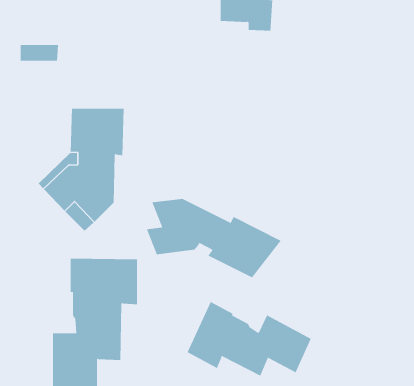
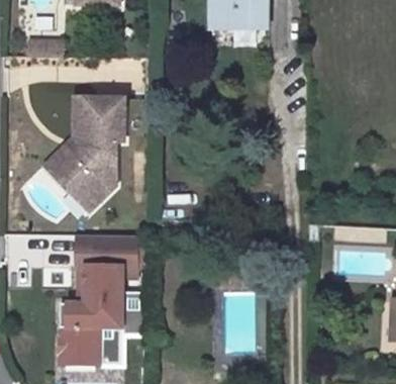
building: [146,198,282,278] -> none
building: [187,301,312,376] -> none

